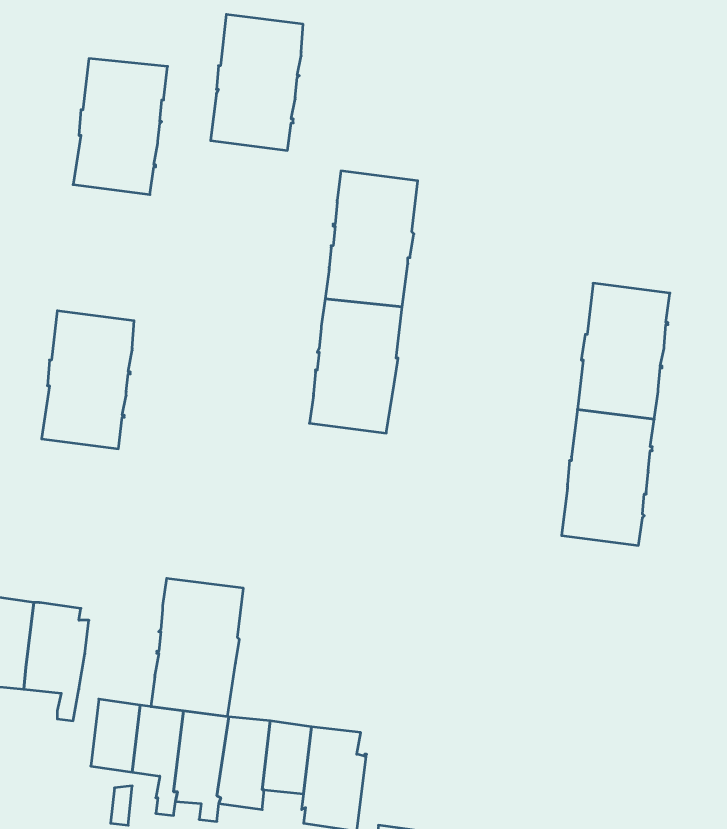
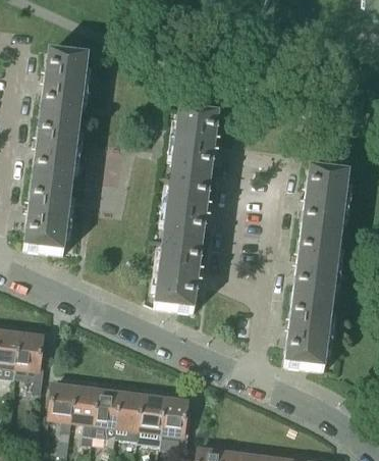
building: [211,14,303,150] -> [32,116,79,187]
building: none -> [284,298,332,369]
building: [151,578,243,716] -> [154,240,202,311]

